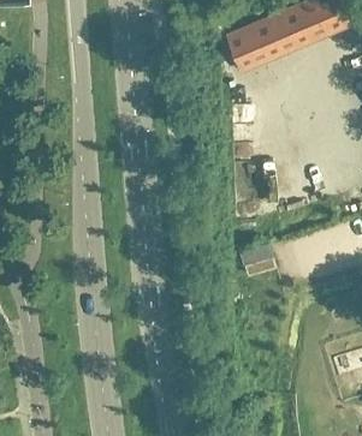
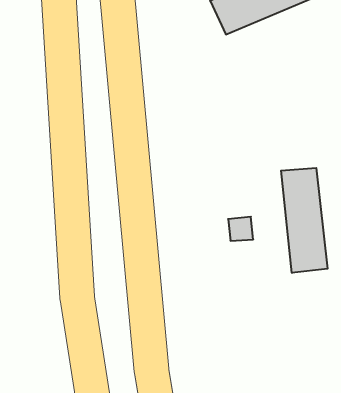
building: none -> [281,168,328,273]

